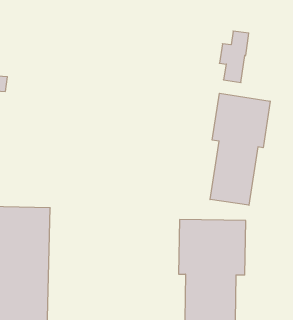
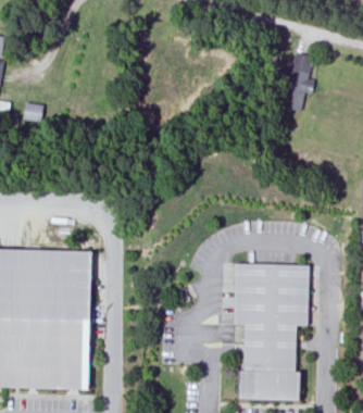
building: [210,93,270,205] -> none

